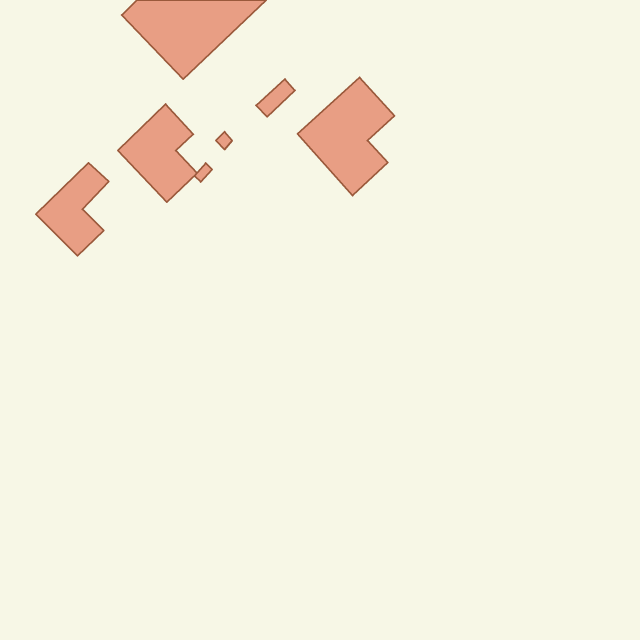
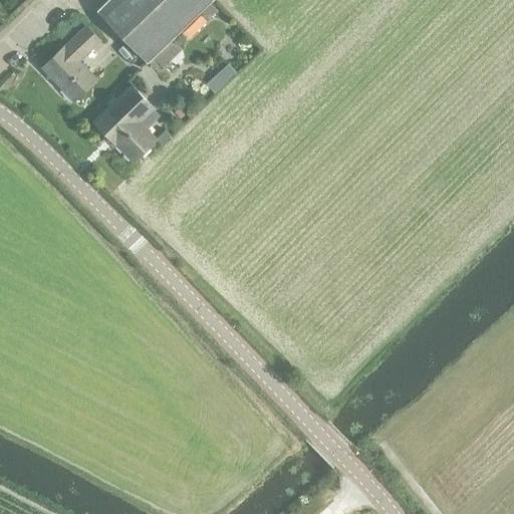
building: [298,77,394,196] -> none
building: [36,163,109,256] -> [41,24,99,98]

